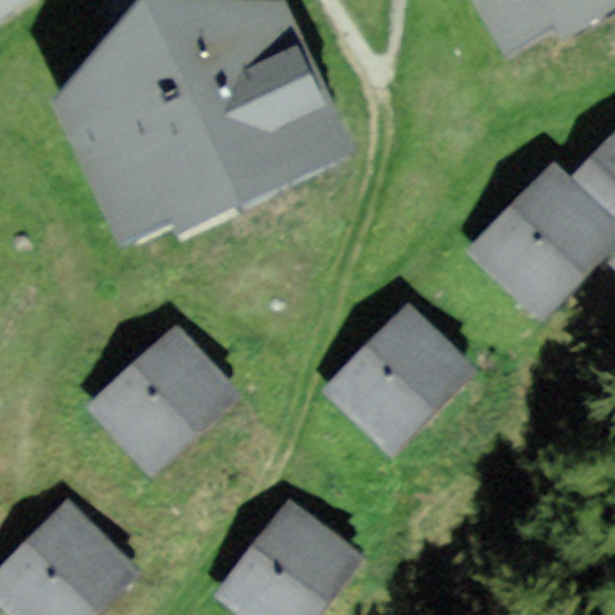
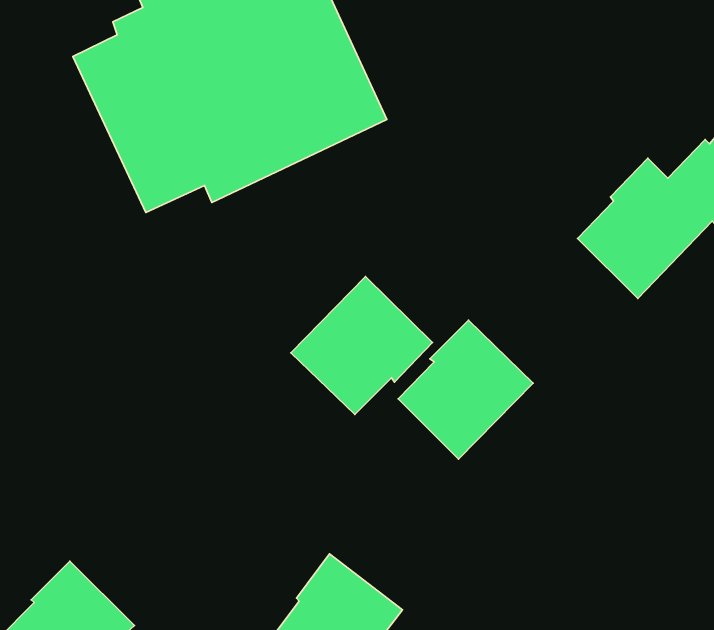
building: none -> [291,277,433,414]
building: [102,335,214,450] -> none

